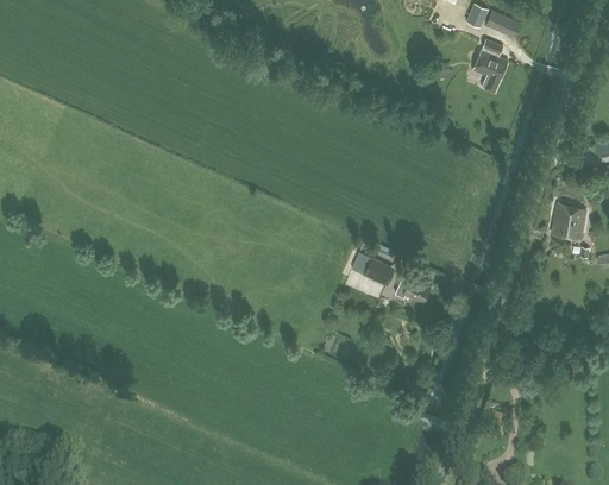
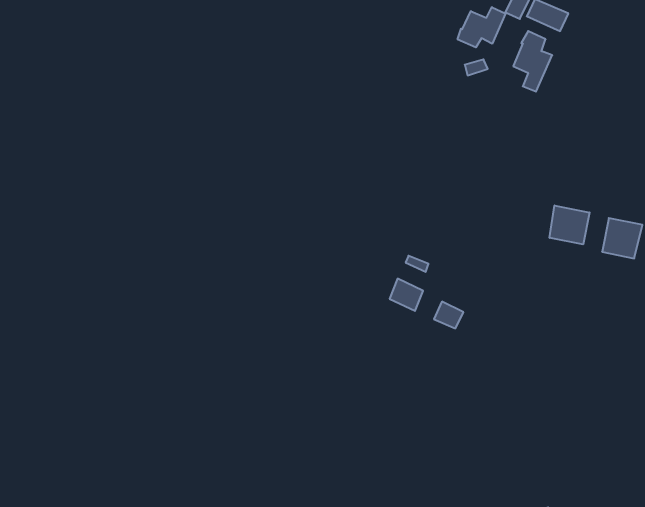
building: none -> [458,7,505,47]
building: none -> [550,205,590,244]

